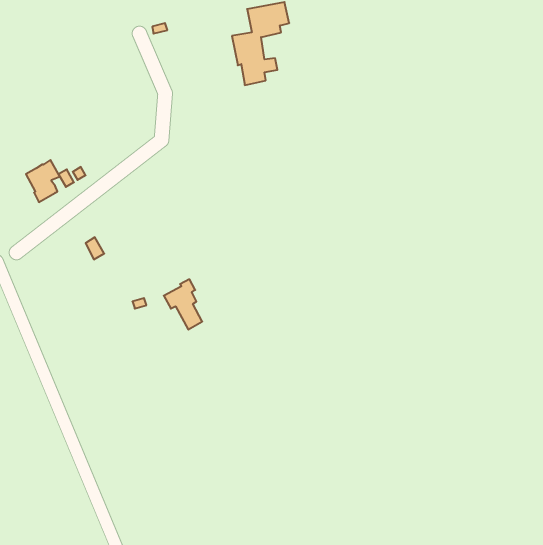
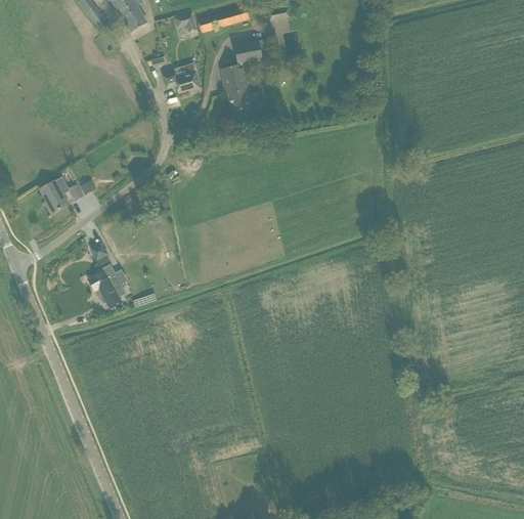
building: none -> [163,62,201,92]
building: [164,279,202,330] -> [88,264,122,308]

